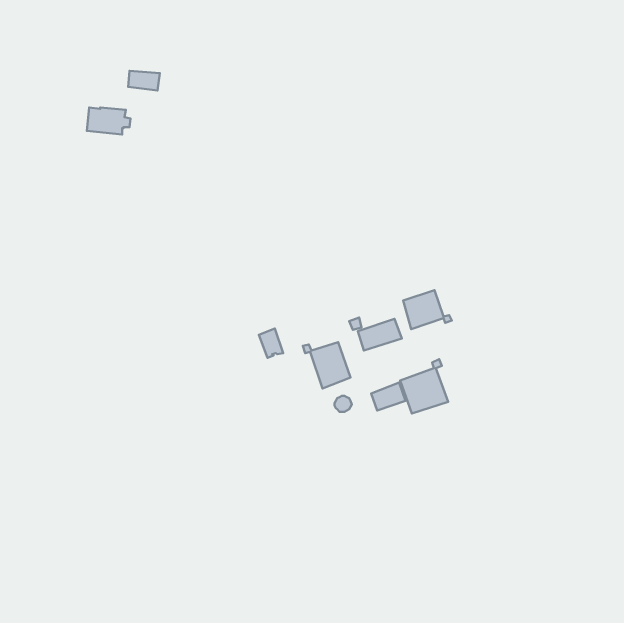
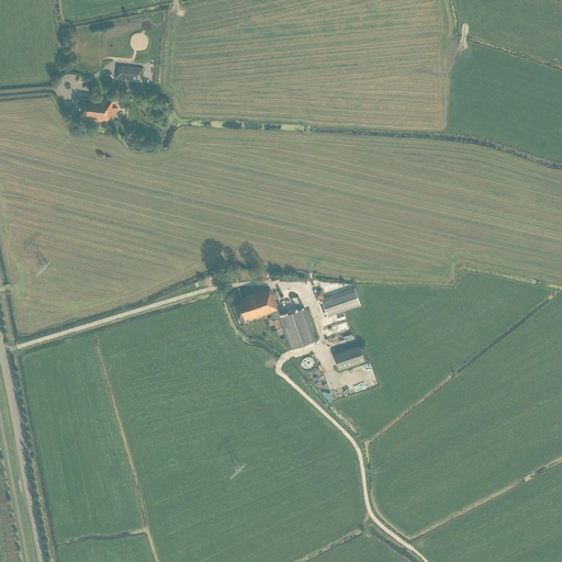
building: [403,290,452,329] -> none
building: none -> [247,288,279,317]
building: [400,359,448,413] -> none

